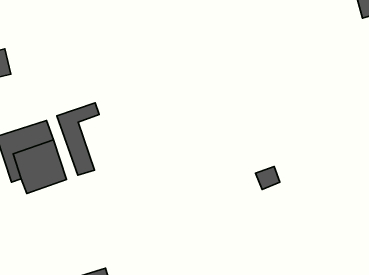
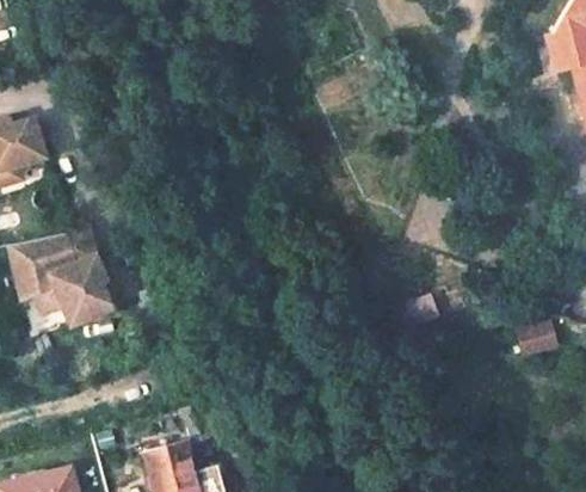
building: [57,103,99,175] -> none
building: none -> [511,318,554,356]

